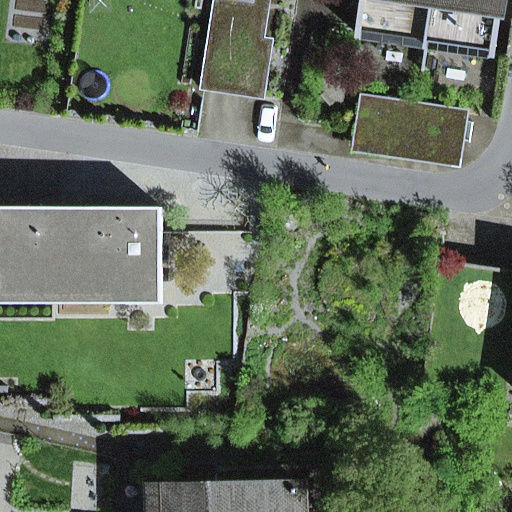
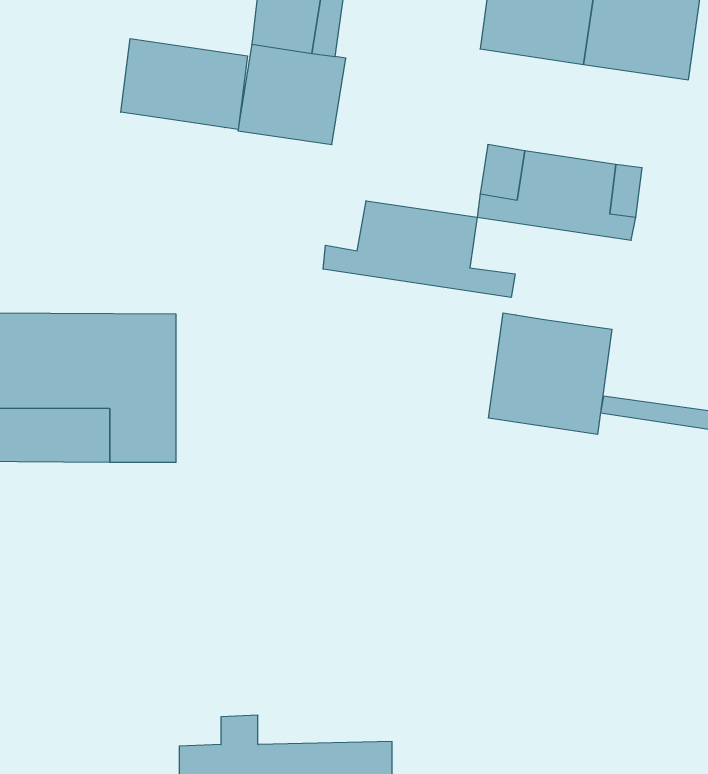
building: none -> [121,39,247,130]
building: none -> [323,201,515,297]
building: none -> [489,313,612,434]

